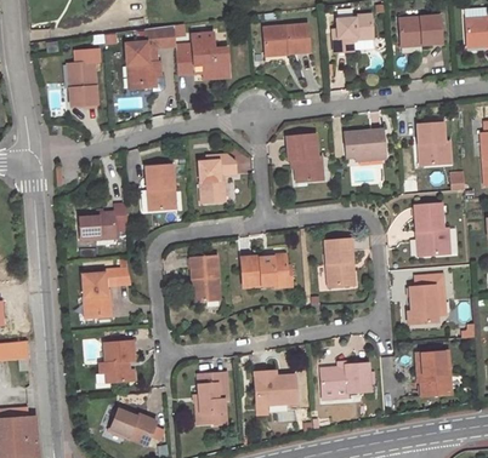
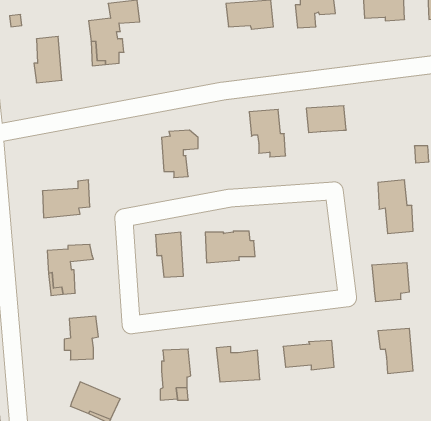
building: [176,33,228,75] -> none
building: [415,122,448,164] -> none
building: [146,165,176,211] -> none
building: [324,240,352,288] -> none

